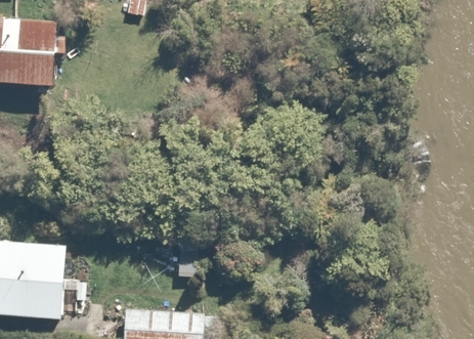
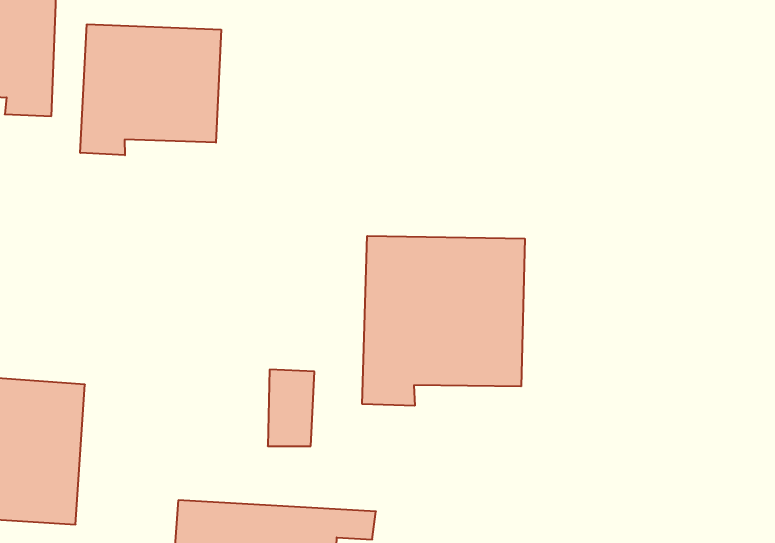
building: none -> [80,24,221,155]
building: none -> [362,236,525,406]

